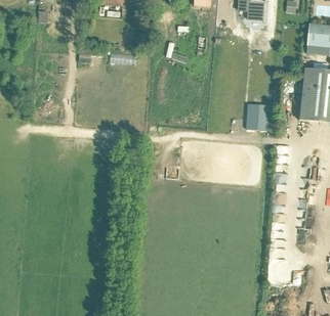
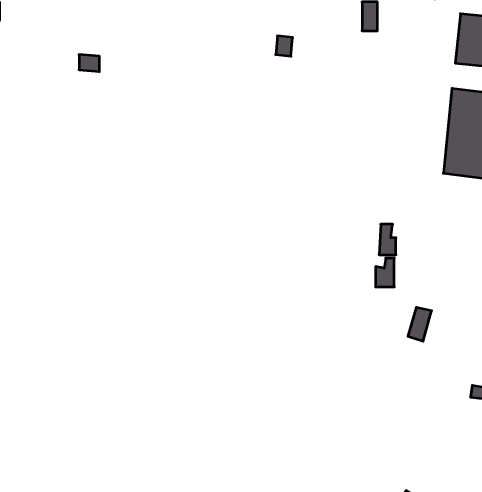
building: [246,103,270,130] -> none

